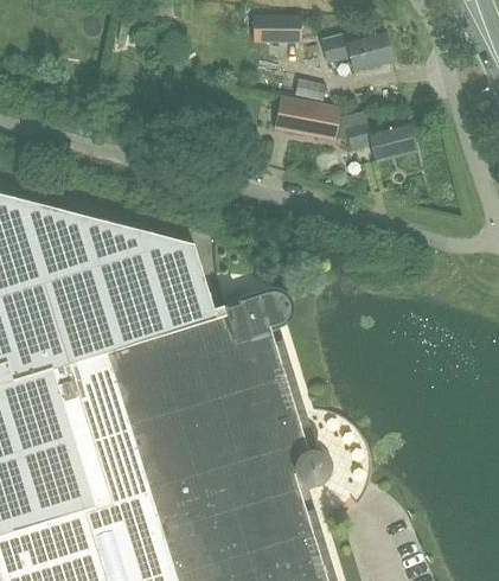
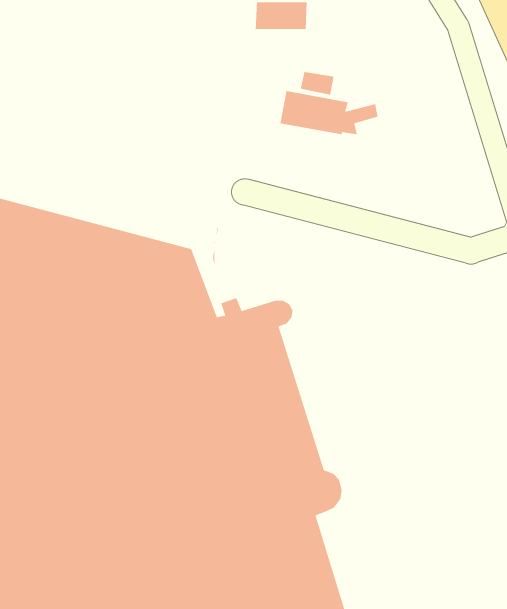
building: [319,31,391,72] -> none
building: [344,122,414,162] -> none

